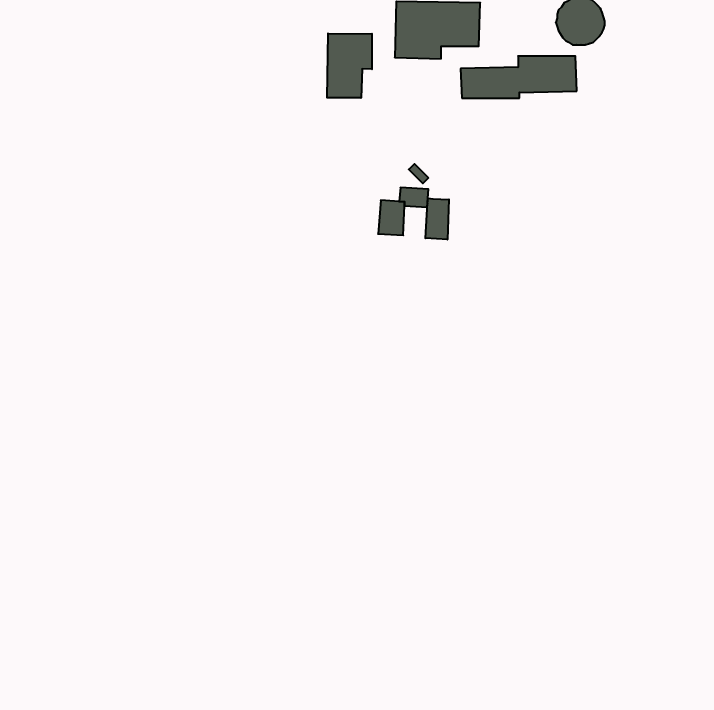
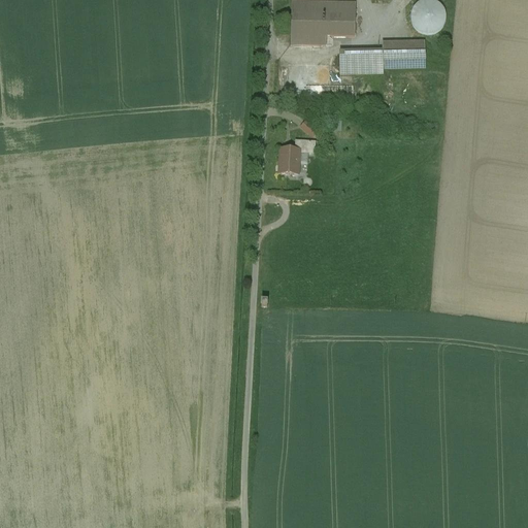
building: [327,33,372,98] -> none
building: [425,198,449,240] -> none

